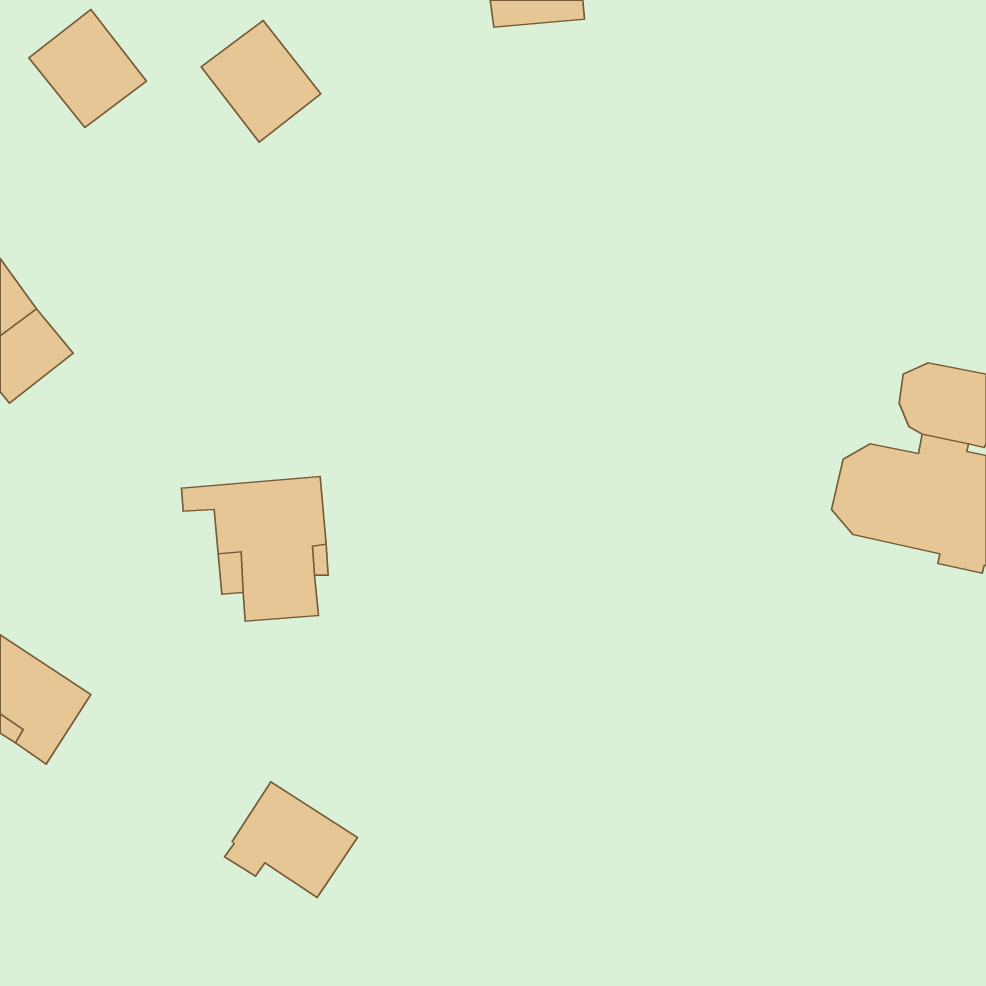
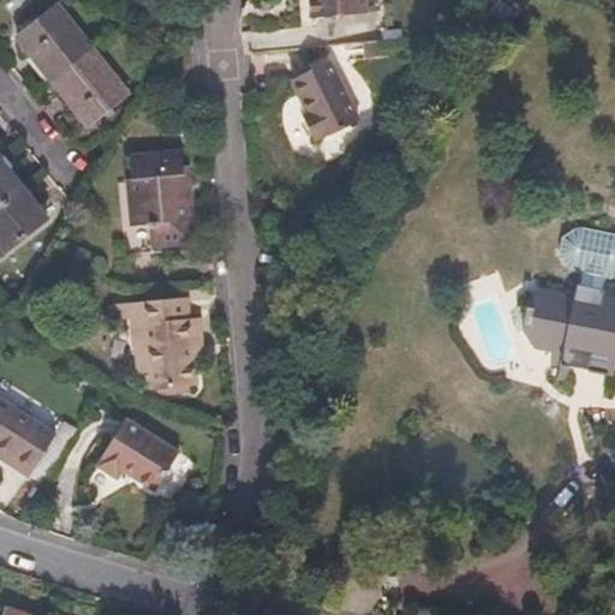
building: [201,21,321,142] -> [53,50,127,126]
building: none -> [285,61,354,139]
building: none -> [131,150,199,243]
building: [224,782,358,897] -> [97,417,180,489]

